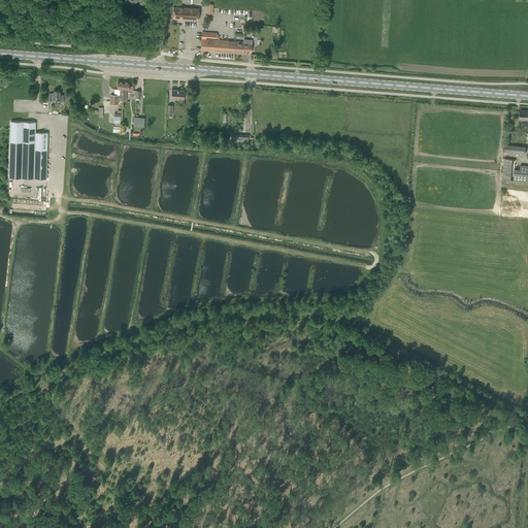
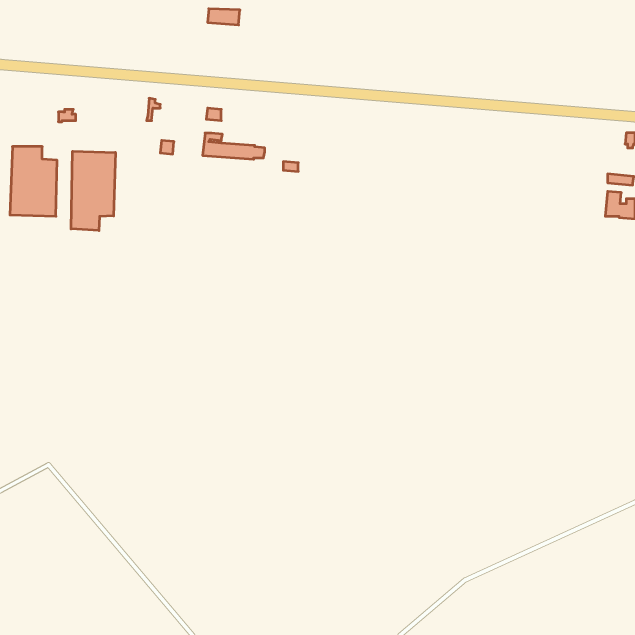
building: [200,32,252,54] -> [203,133,265,159]
building: none -> [71,151,115,231]

